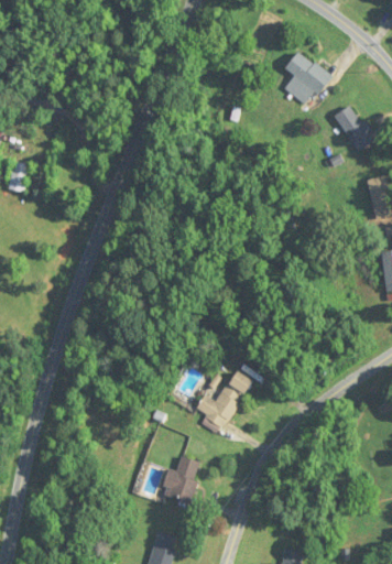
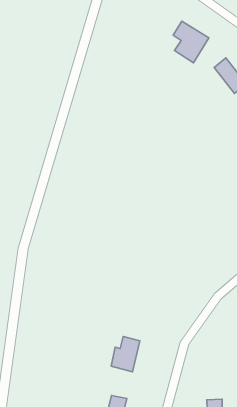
building: [194,370,252,429] -> none

